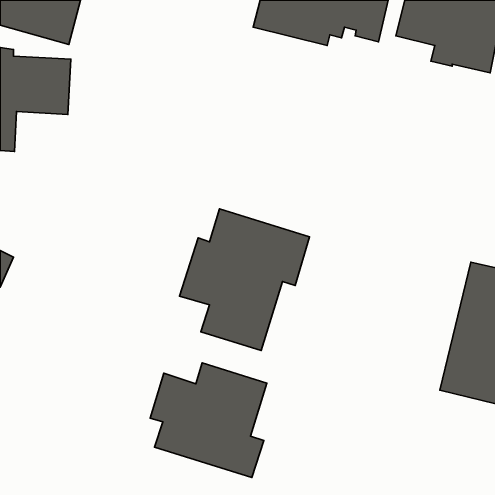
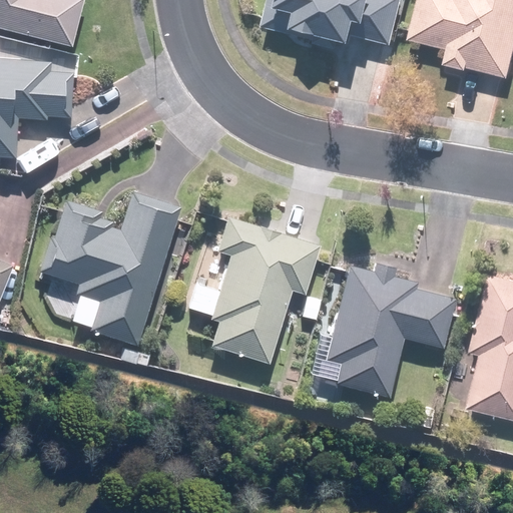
building: none -> [41,189,181,345]
building: none -> [328,262,456,395]
building: [150,363,267,477] -> none

